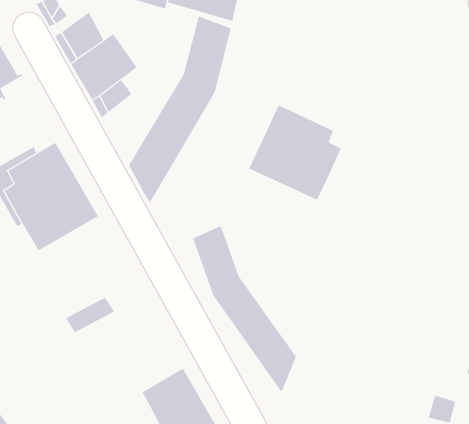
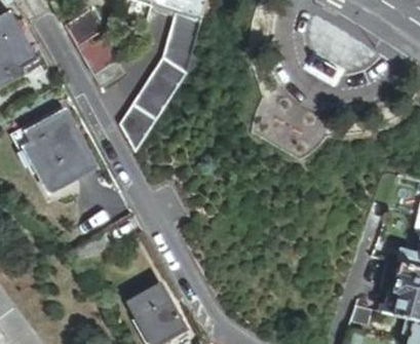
building: [249,105,341,201] -> none
building: [193,225,297,393] -> none

